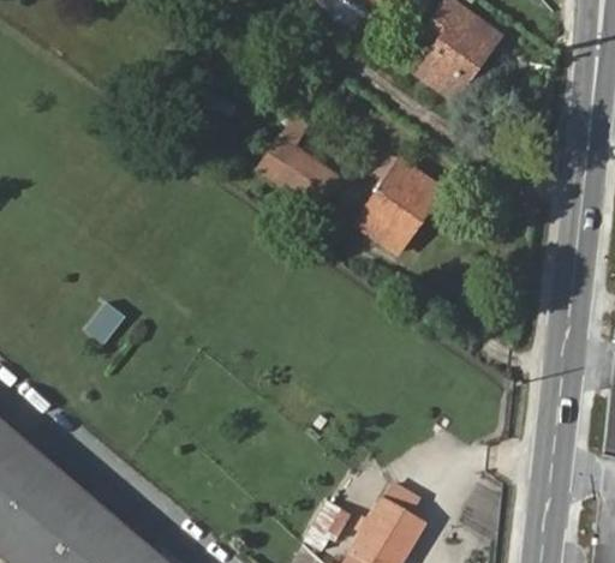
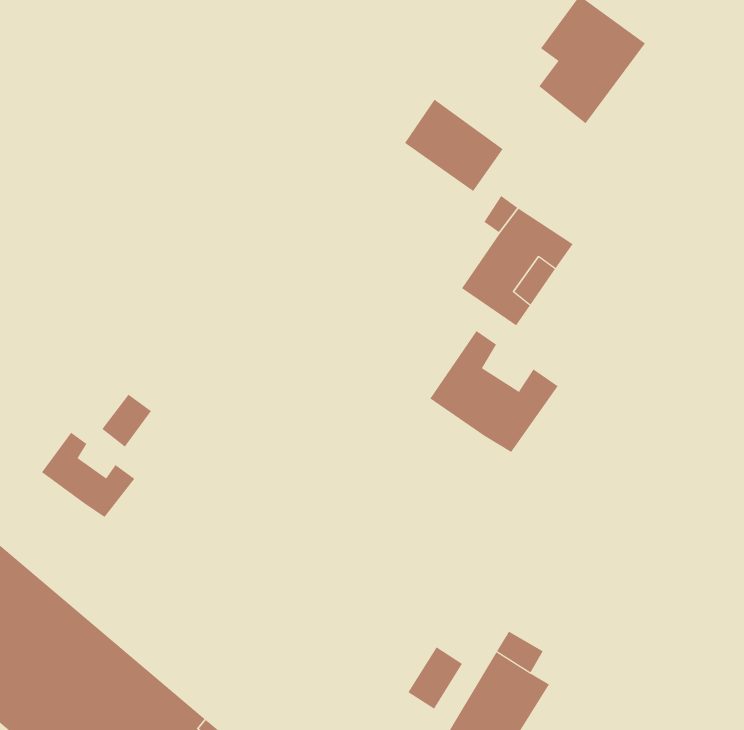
building: [261,138,336,209] -> [404,99,504,192]
building: none -> [429,330,559,453]
building: none -> [41,432,135,518]

